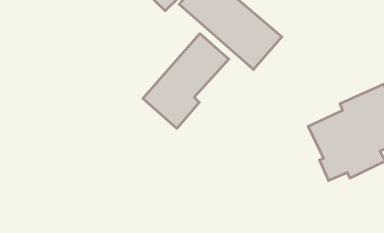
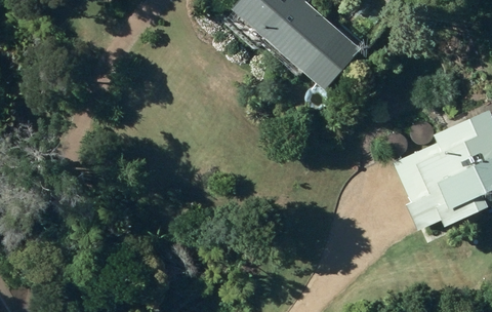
building: [143,34,229,128] -> none

